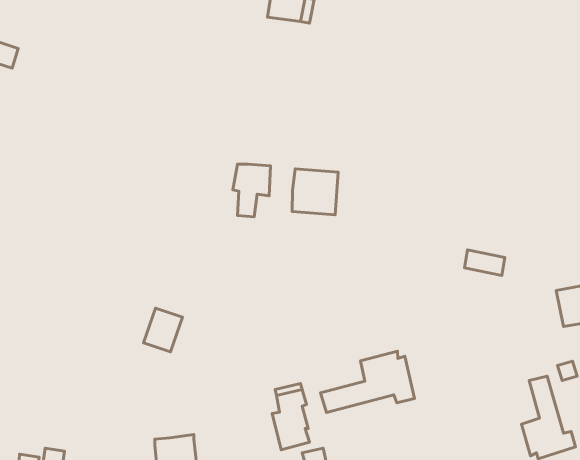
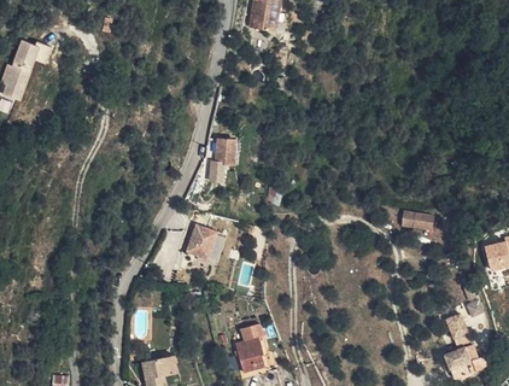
building: [292,169,338,215] -> none
building: [144,308,183,352] -> [194,226,226,261]
building: [321,351,415,412] -> none

